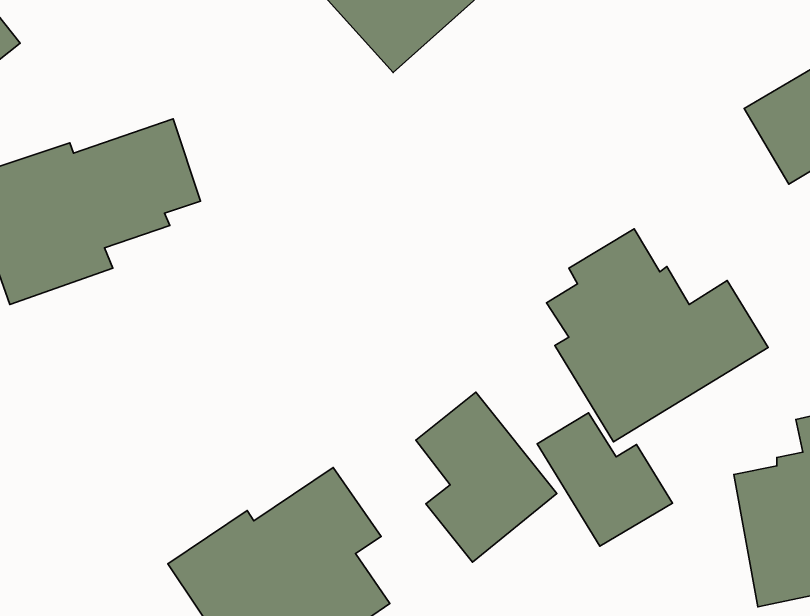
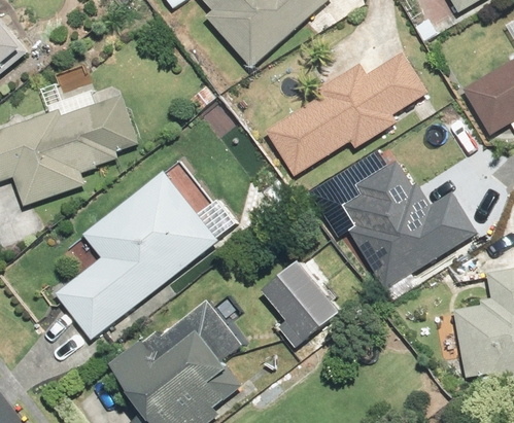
building: none -> [265,51,426,175]
building: none -> [53,171,219,340]
building: [537,413,672,546] -> none

